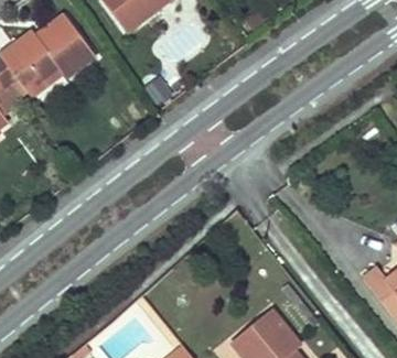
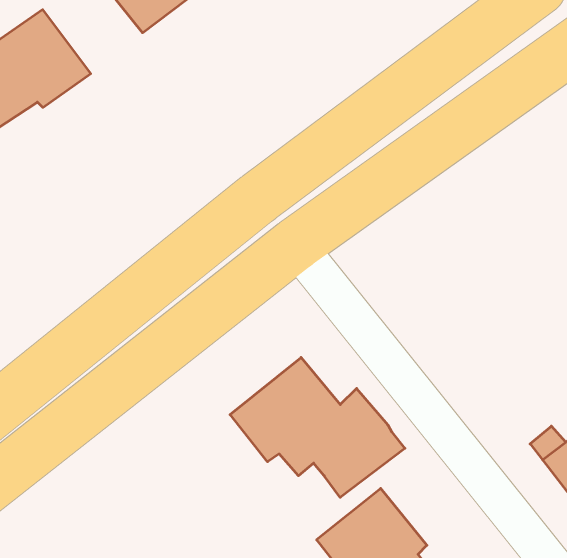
building: none -> [230,357,405,497]

